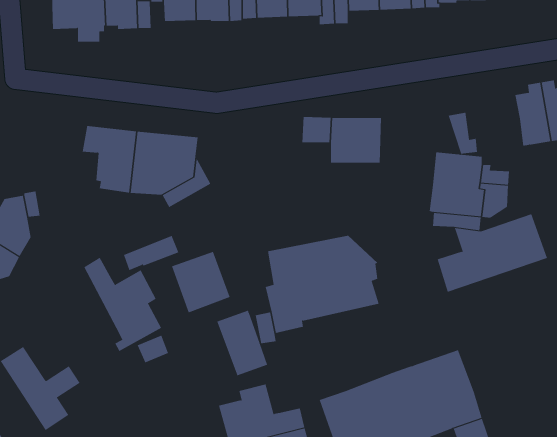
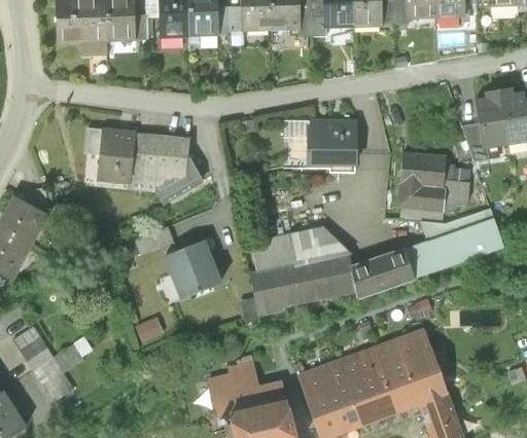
building: [448,112,478,154] -> [462,122,489,160]
building: [83,257,162,352] -> none
building: none -> [347,249,414,298]
building: [216,310,268,376] -> none

